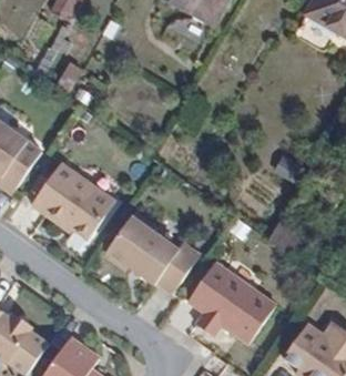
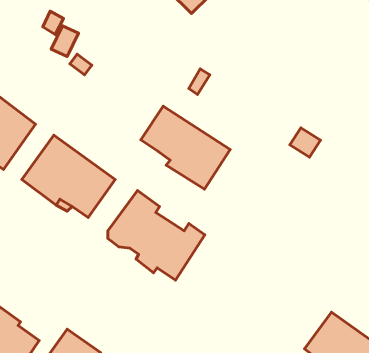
building: none -> [141,106,230,189]
building: [186,266,274,347] -> none

